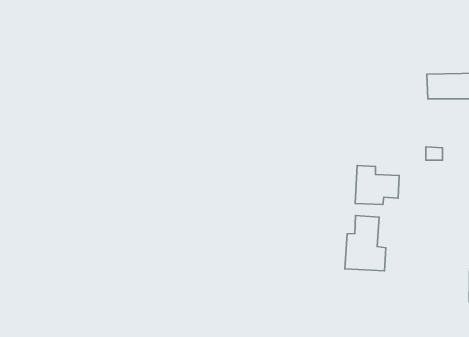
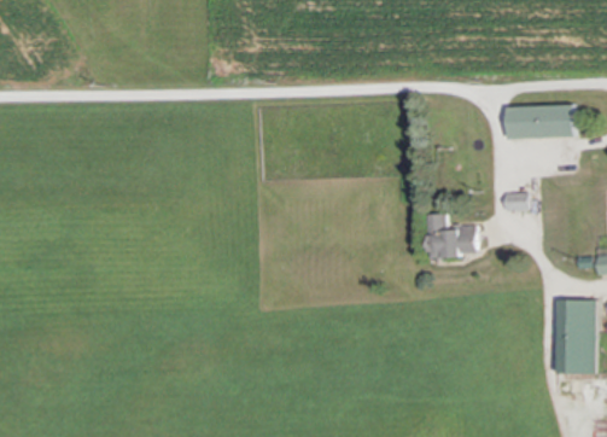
building: [345,215,386,271] -> none

